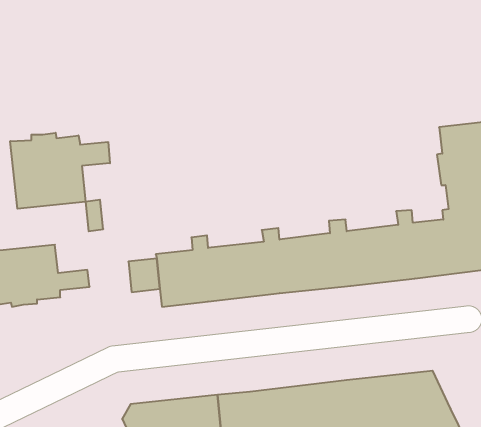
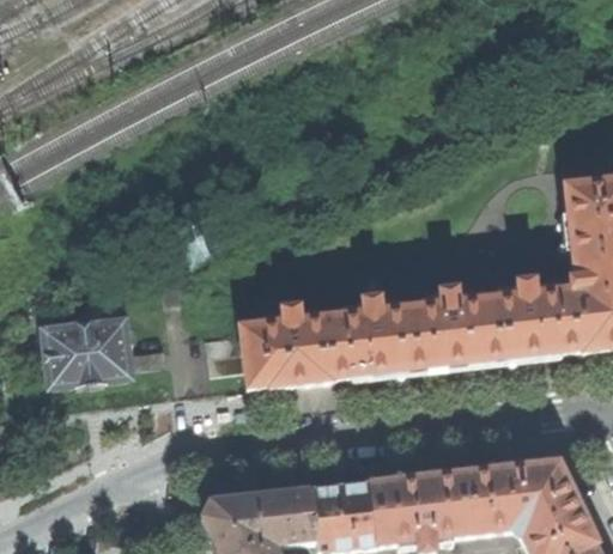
building: [10,133,110,209] -> none

